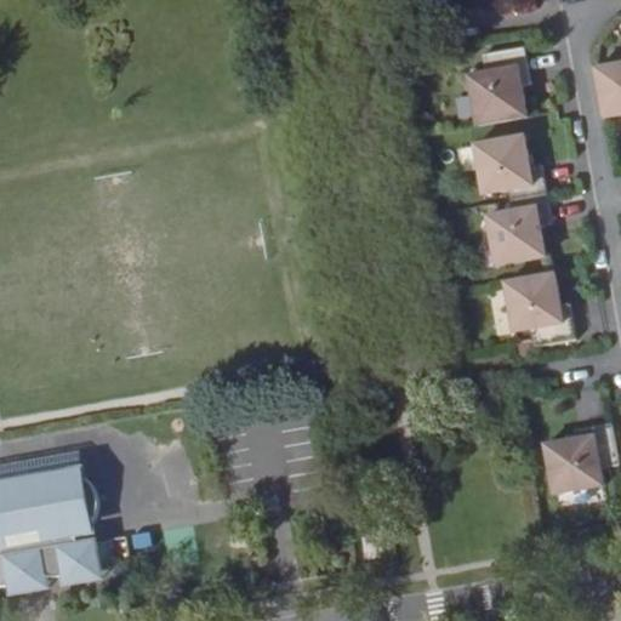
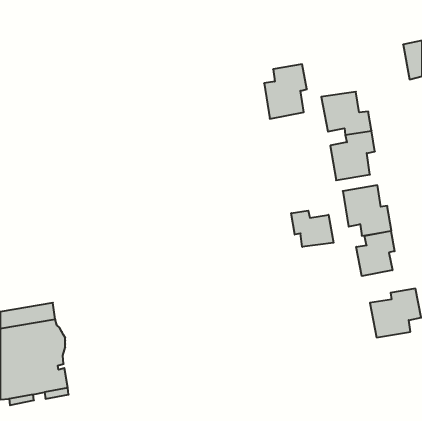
building: [467,45,530,125] -> [264,64,307,119]
building: none -> [291,211,334,247]
building: none -> [356,231,395,276]

